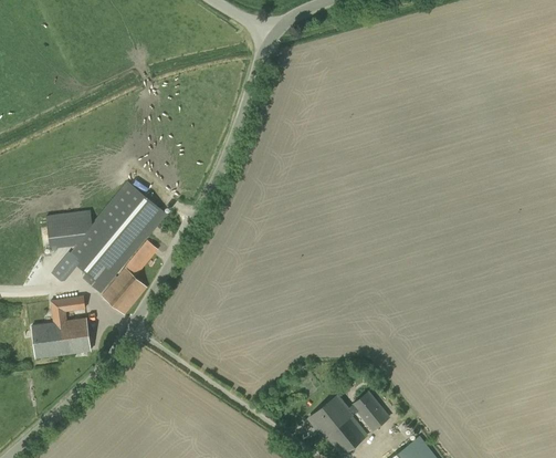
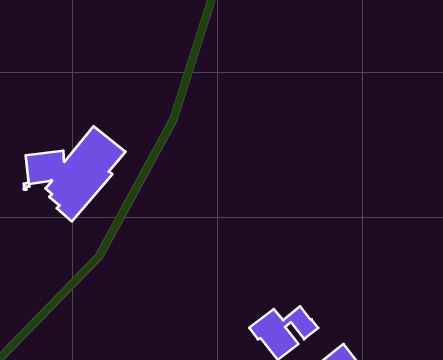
building: [101,240,158,314] -> none
building: [31,295,91,358] -> none

